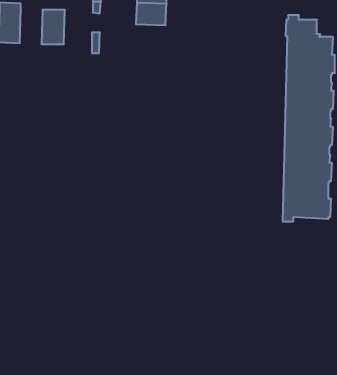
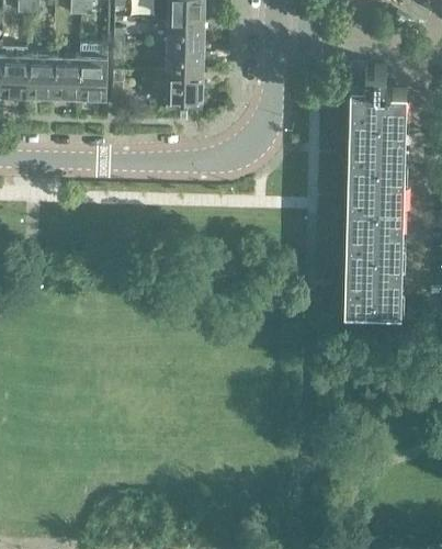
building: none -> [79,52,107,101]
building: none -> [25,57,53,100]
building: none -> [166,76,203,113]

